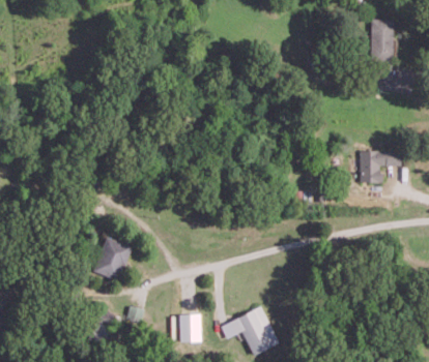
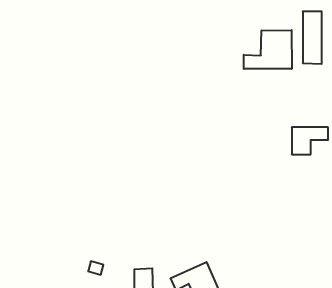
building: none -> [244,30,292,69]
building: [92,236,131,280] -> none

